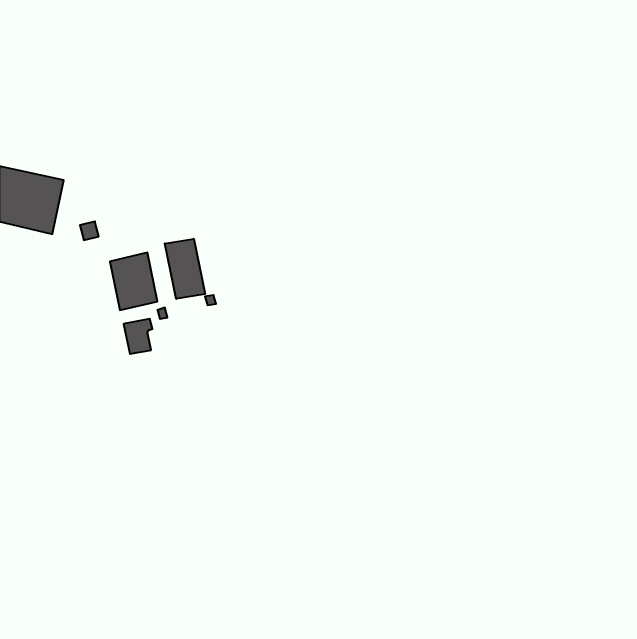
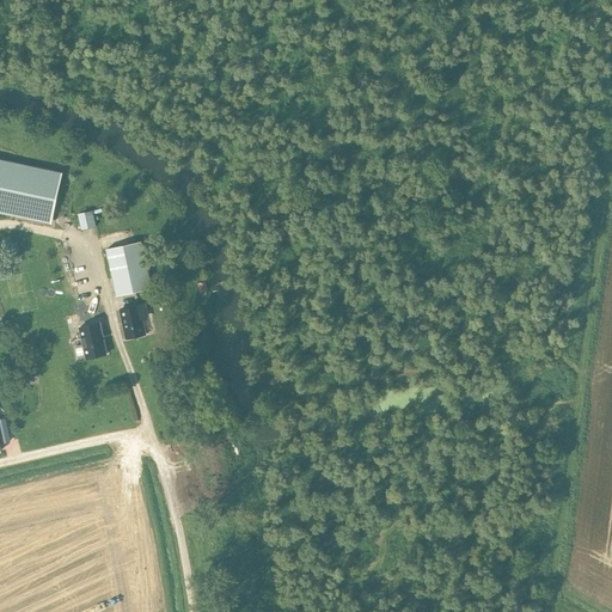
building: [165,239,205,299] -> none
building: none -> [78,323,105,359]

